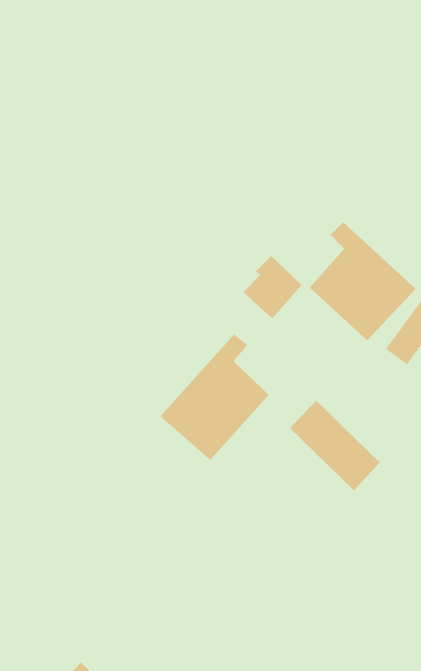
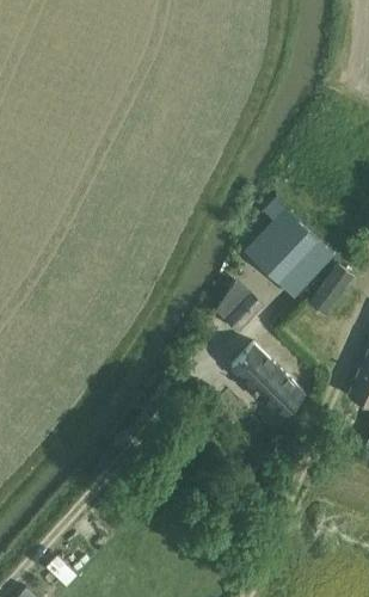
building: [243,255,303,320] -> [216,281,264,332]
building: [159,334,270,461] -> none

